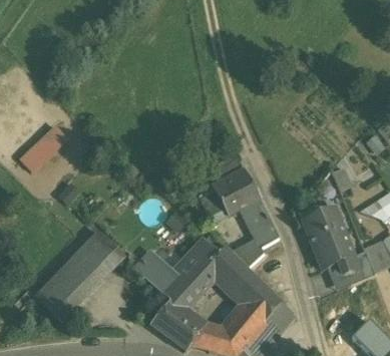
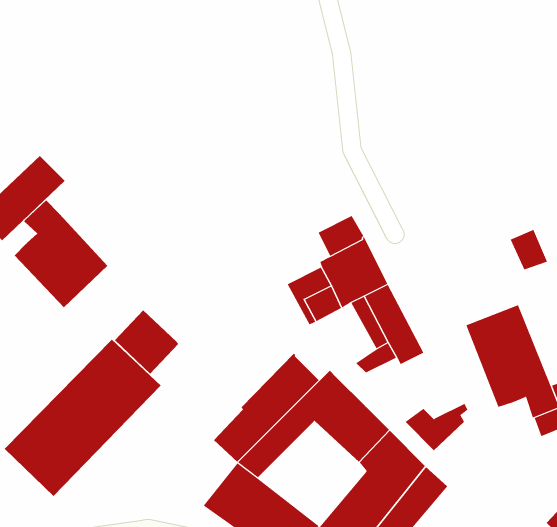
building: none -> [14,200,108,308]
building: [229,240,266,268] -> [405,403,468,451]
building: [135,250,173,288] -> [114,309,179,375]

